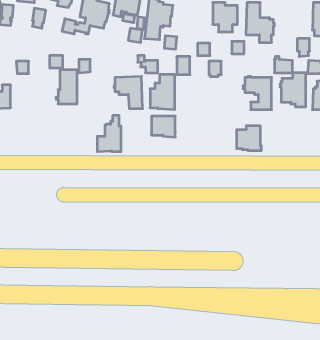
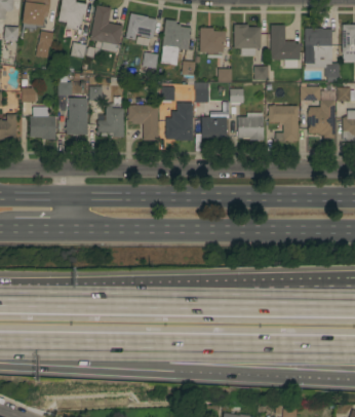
building: none -> [199,28,226,58]
building: none -> [305,29,331,64]
building: none -> [30,108,55,140]
building: [97,116,121,152] -> [97,98,123,137]
building: [151,116,175,137] -> [201,117,227,140]
building: [237,126,261,151] -> [237,113,264,140]

